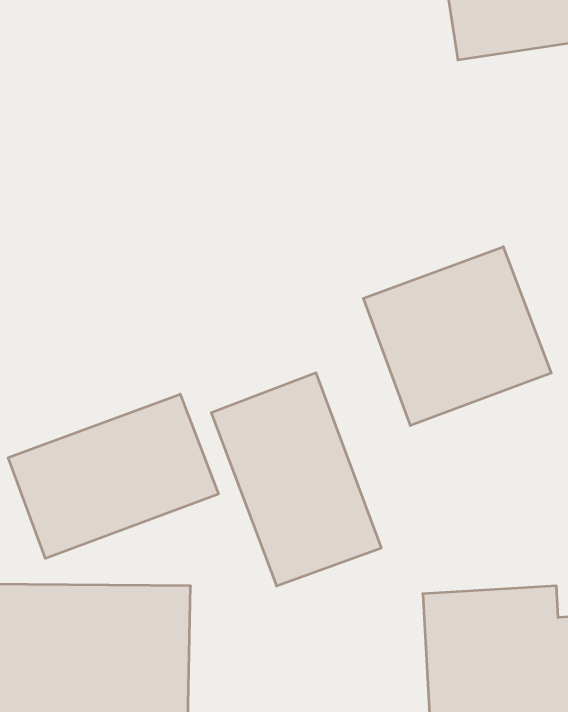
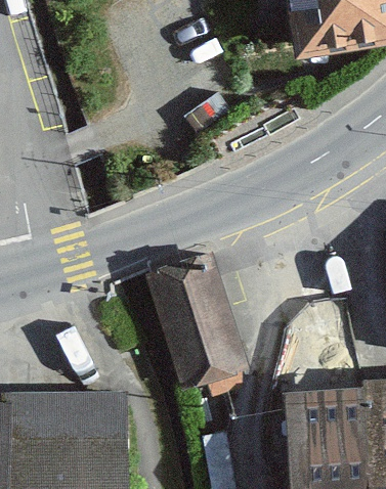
building: [363,247,551,426] -> none
building: [8,394,218,558] -> none

